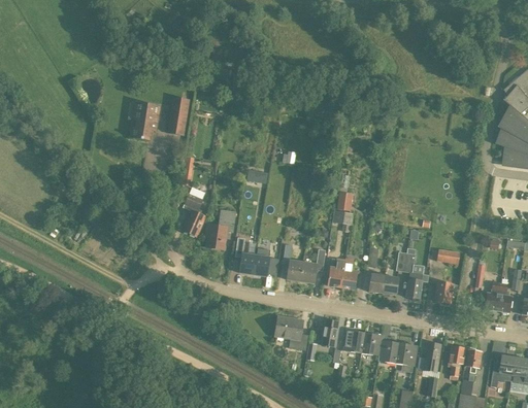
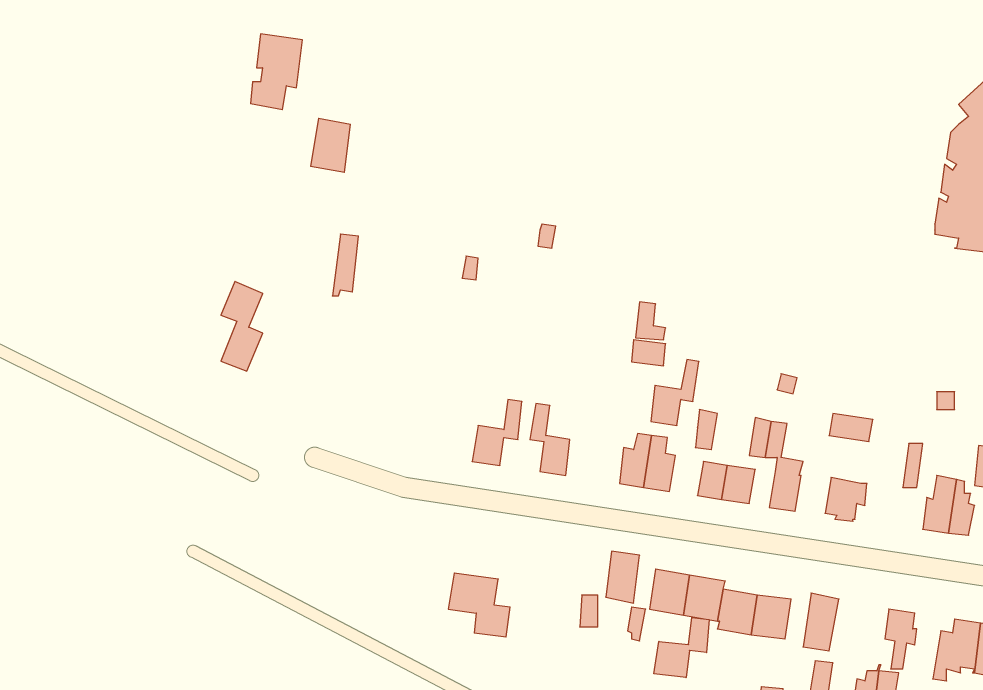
building: [132,102,159,141] -> [251,34,302,110]
building: [184,190,205,236] -> [221,281,263,371]
building: [206,210,236,249] -> none
building: [235,237,256,274] -> none
building: [301,249,326,283] -> [651,360,699,425]
building: [276,317,308,350] -> [448,573,510,637]
building: [448,346,467,380] -> none
building: none -> [654,617,709,678]

